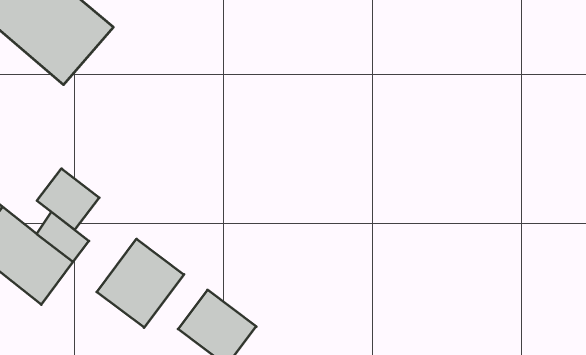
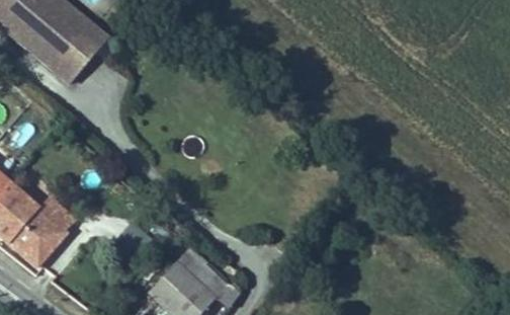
building: [37,169,99,230] -> none
building: [97,239,184,328] -> none

